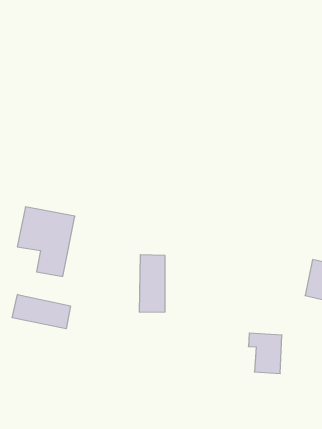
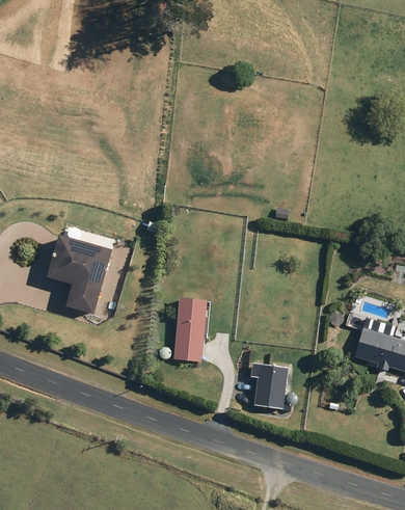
building: [12,294,70,329] -> none
building: [248,333,282,373] -> [250,363,288,409]

